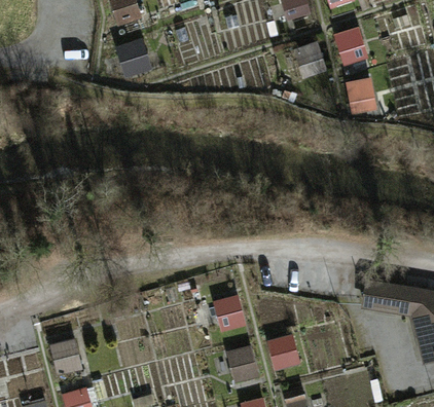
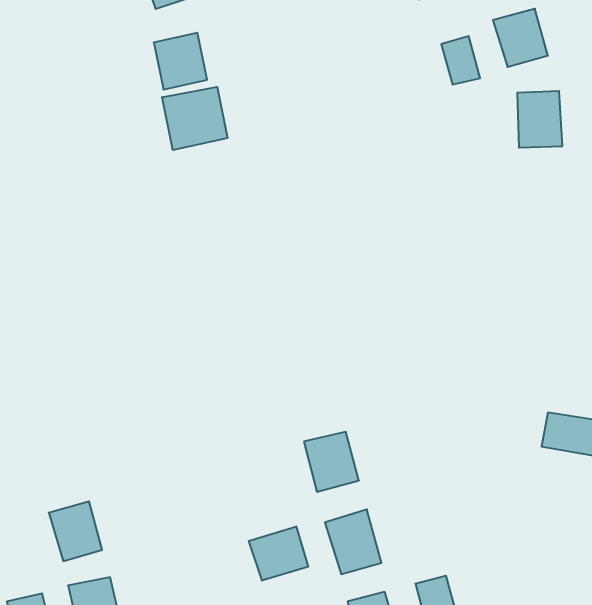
building: none -> [162,87,227,150]
building: [266,335,302,373] -> none
building: none -> [249,526,308,581]

